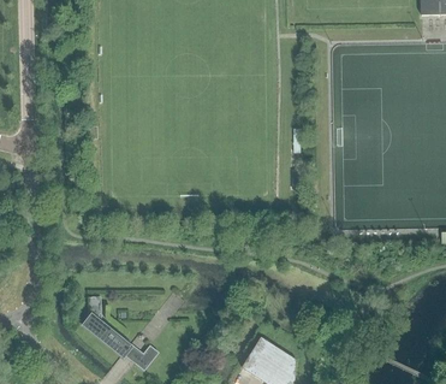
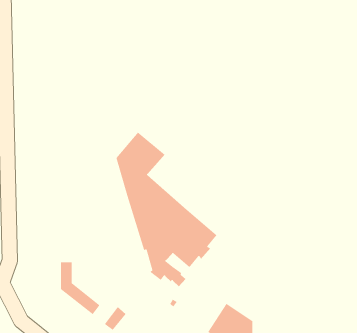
building: none -> [116,132,217,287]

